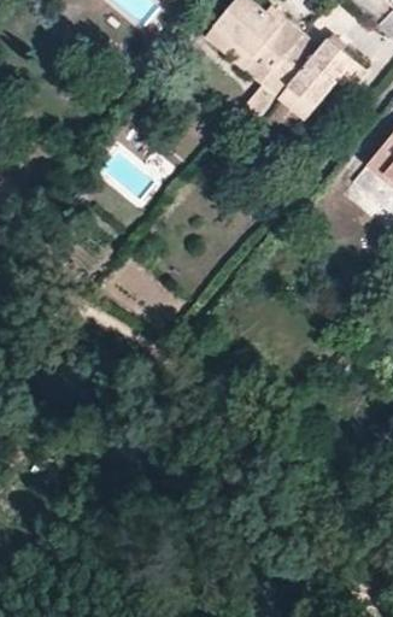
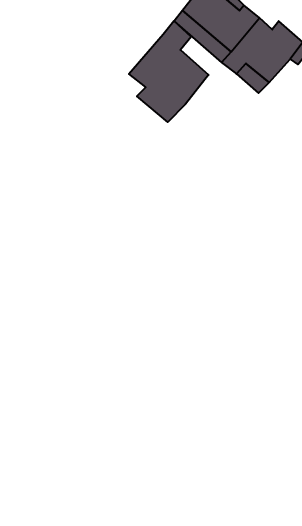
building: none -> [129,21,209,122]

